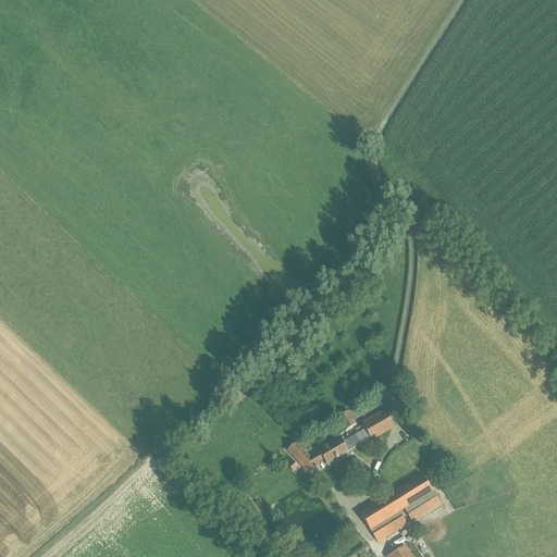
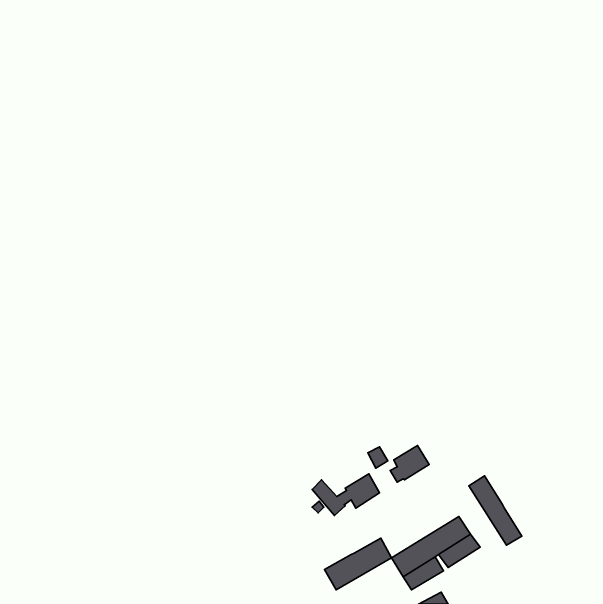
building: none -> [469,476,522,545]
building: none -> [325,538,391,590]

